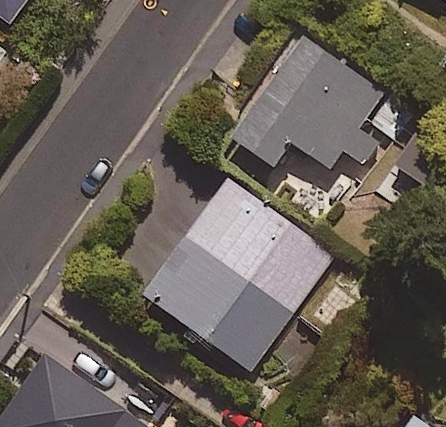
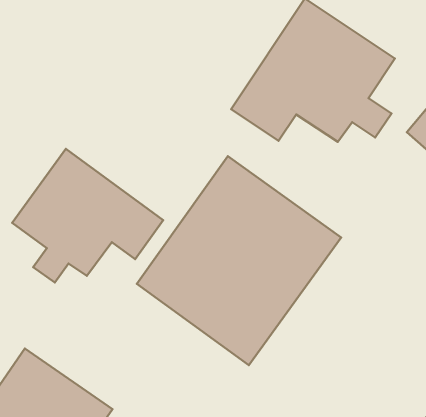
building: none -> [12,149,163,283]

